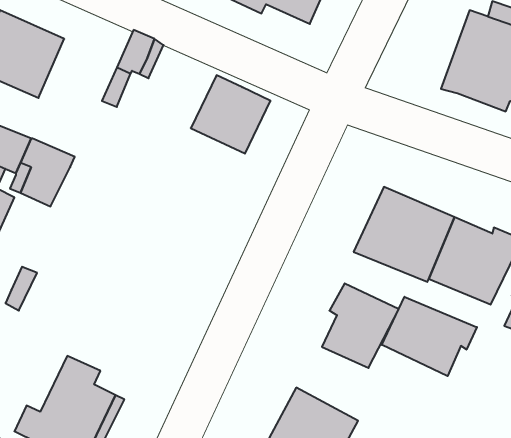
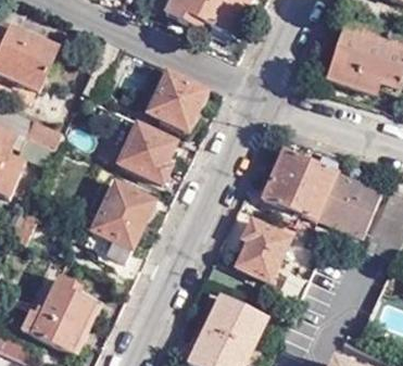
building: none -> [116,123,174,182]
building: none -> [83,182,150,261]
building: [382,297,477,376] -> none

